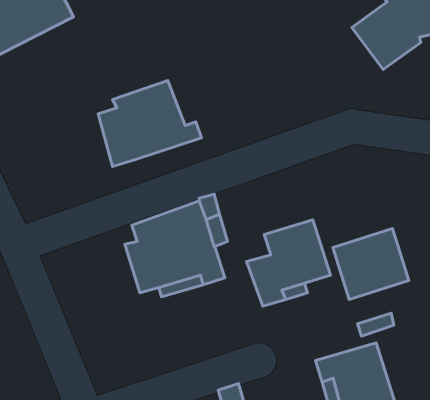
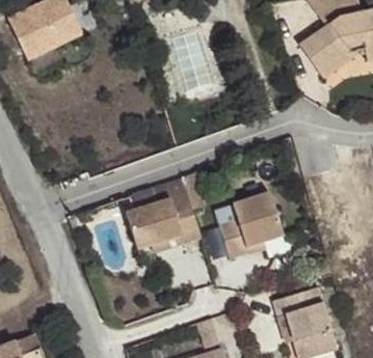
building: [98,81,201,166] -> none
building: [333,229,409,299] -> none

